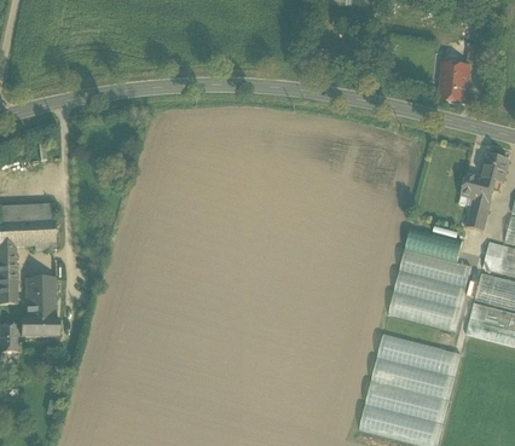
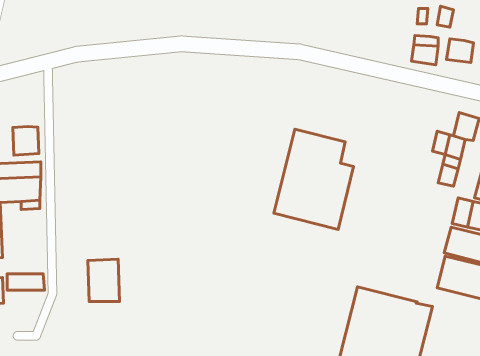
building: none -> [447,39,474,63]
building: none -> [13,127,39,155]
building: [388,226,470,330] -> [274,129,353,230]
building: [24,276,57,319] -> [88,259,119,301]

